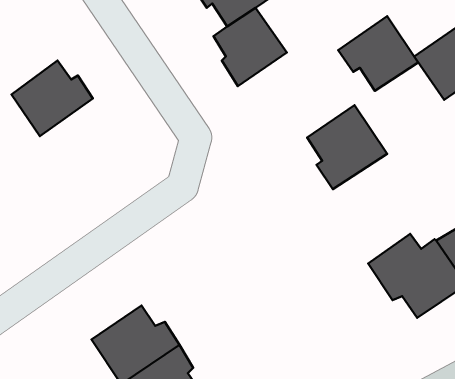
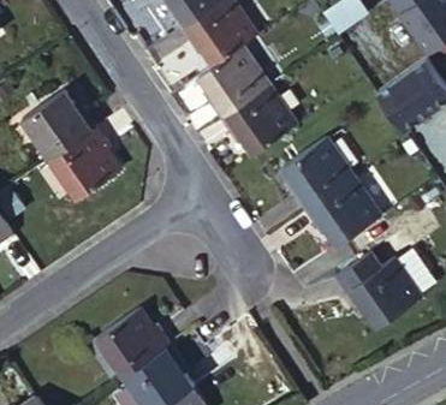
building: [338,16,418,91] -> [222,87,293,153]
building: none -> [47,127,117,201]
building: none -> [307,177,381,245]

